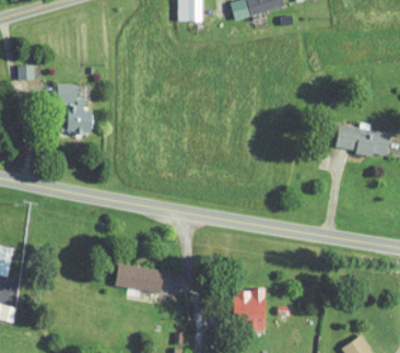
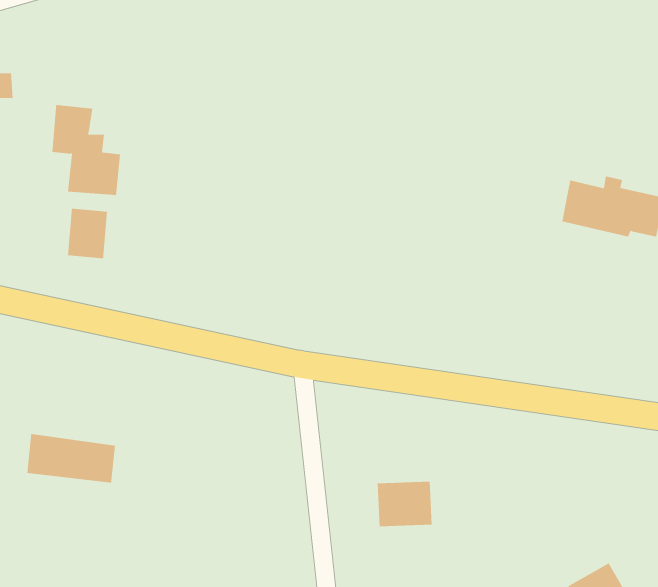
building: none -> [67,208,107,259]
building: [115,264,164,292] -> [27,434,116,483]

